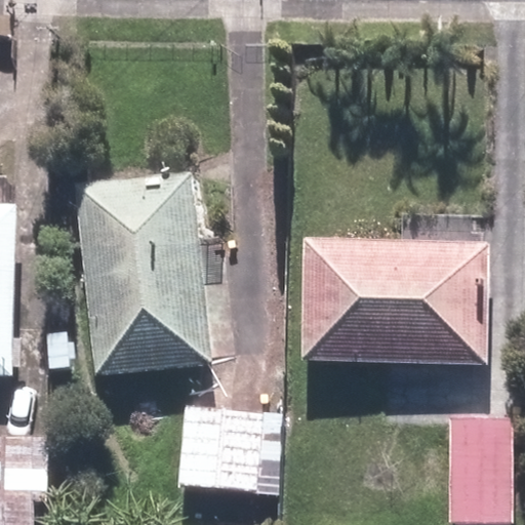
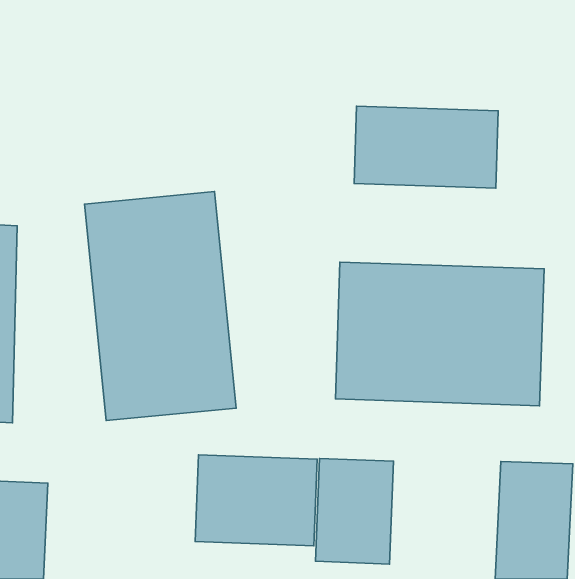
building: none -> [354,106,498,188]
building: none -> [316,458,394,564]

